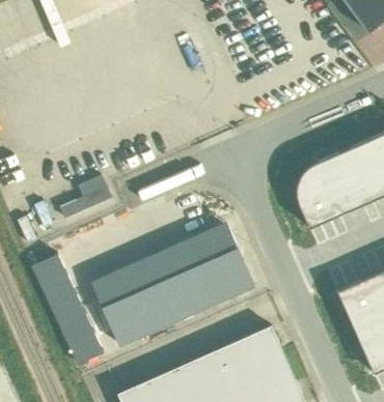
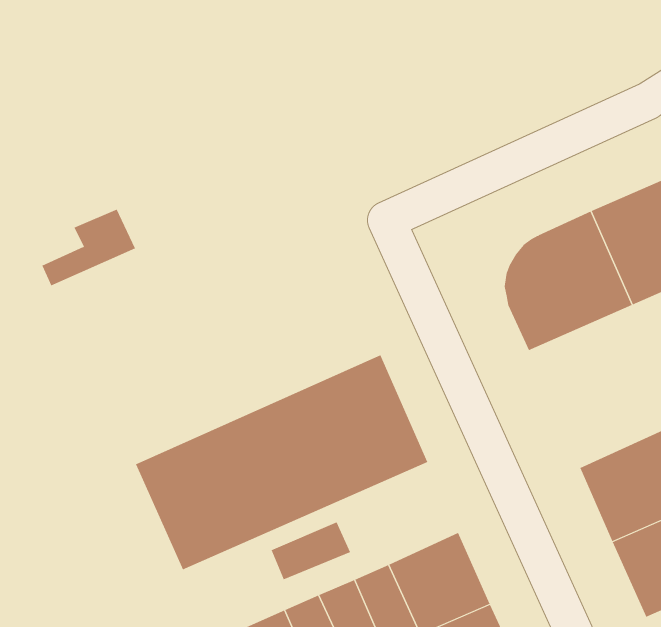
building: [60,177,112,220] -> [41,209,136,286]
building: [32,256,101,366] -> none
building: none -> [271,521,351,580]

